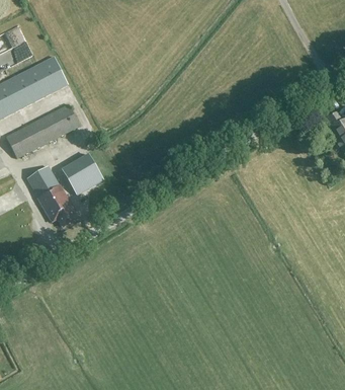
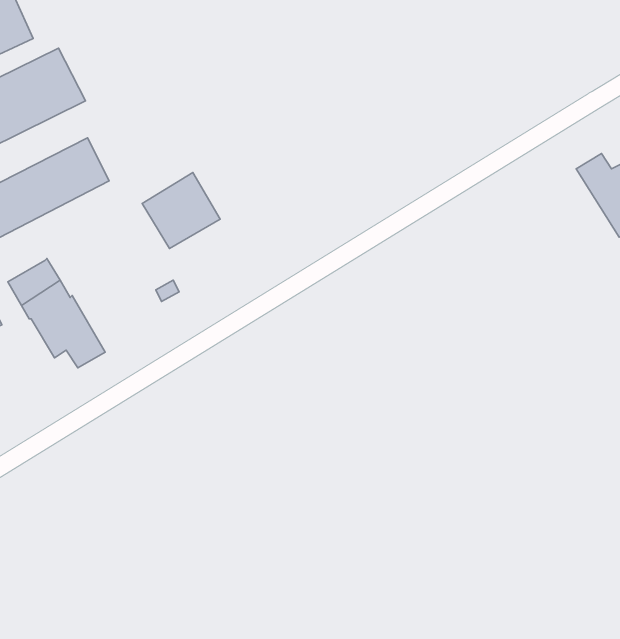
building: [62,155,102,194] -> [142,172,220,248]

